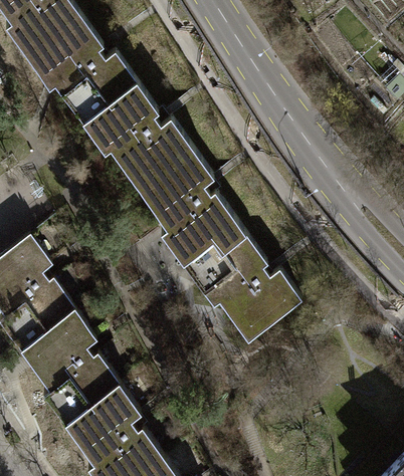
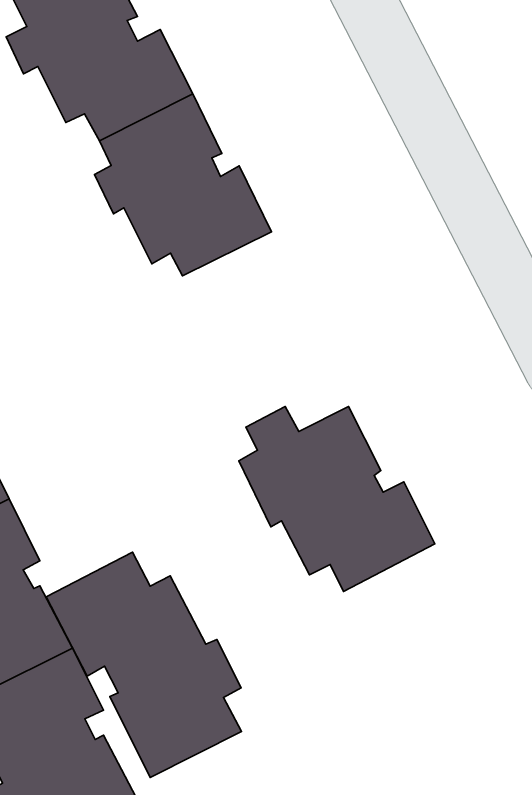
building: [147,152,245,256] -> none
building: none -> [46,552,241,778]

